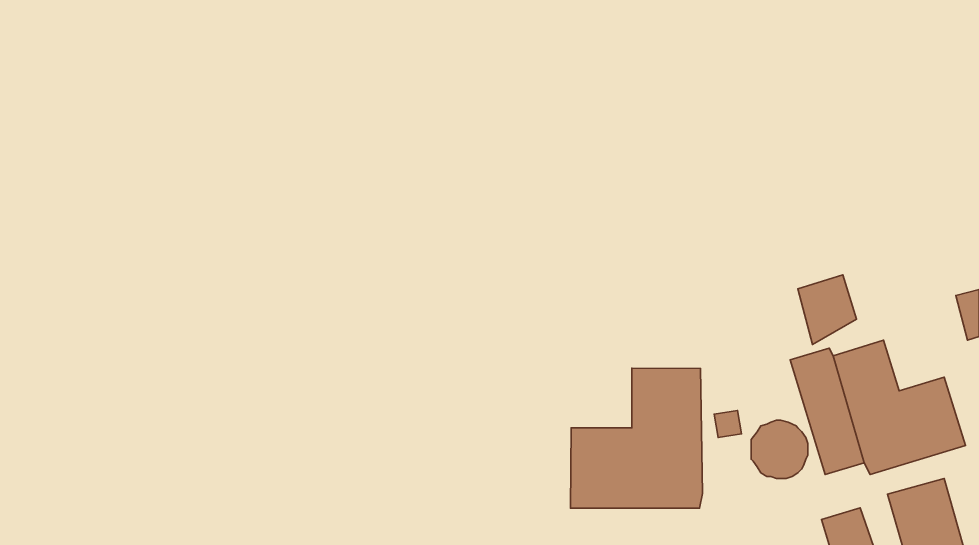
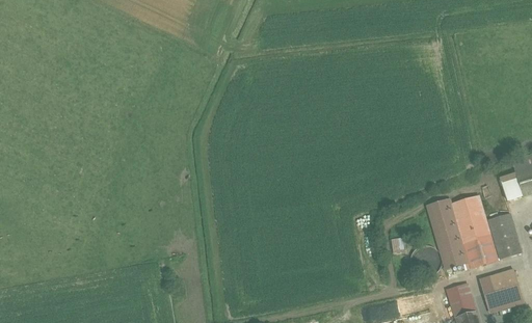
building: [798,275,856,345] -> none
building: [570,368,702,508] -> none

